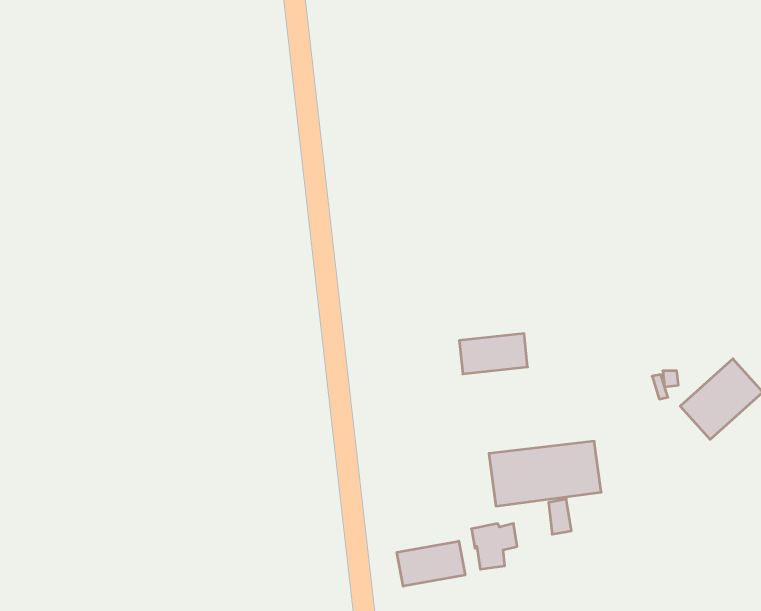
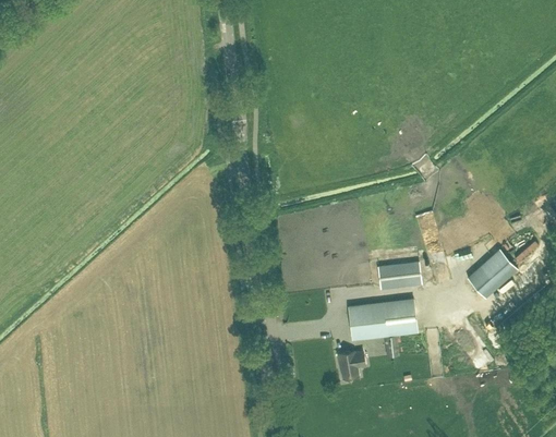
building: [459,334,528,374] -> [378,263,421,288]
building: [397,541,465,586] -> none

